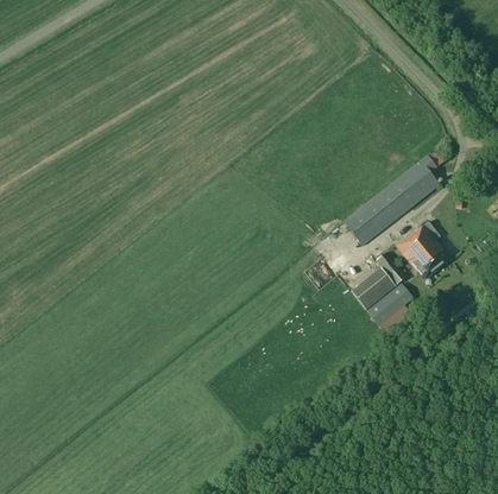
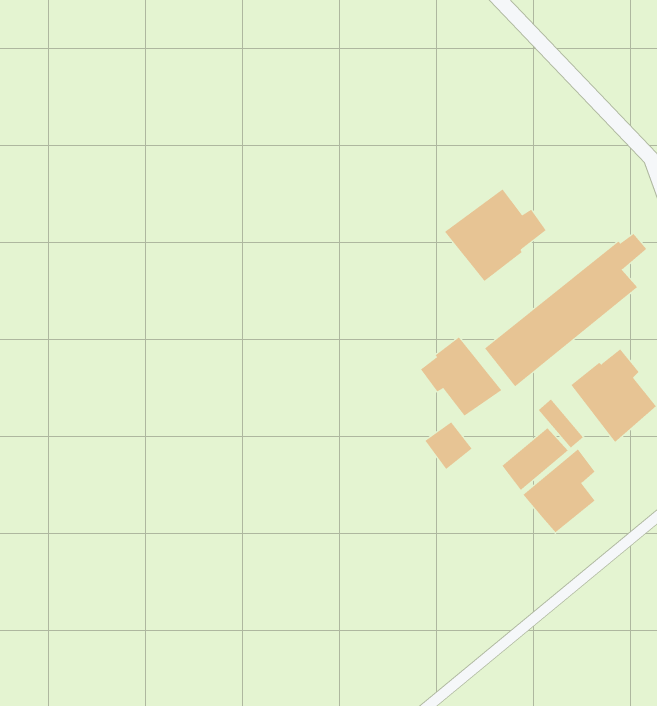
building: none -> [444,188,546,282]
building: none -> [420,336,502,417]

